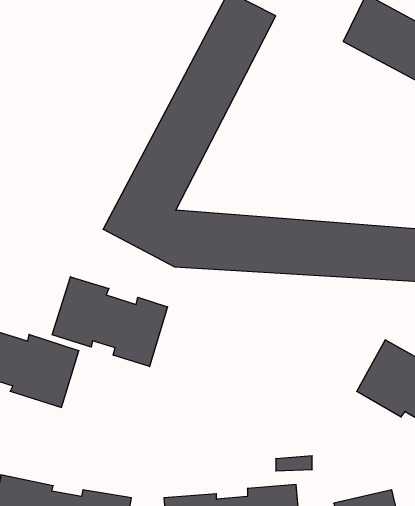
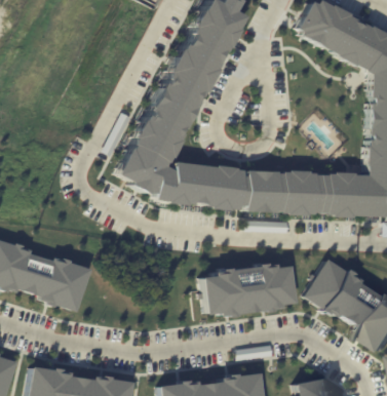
building: [52,277,168,367] -> none
building: none -> [194,261,301,320]

